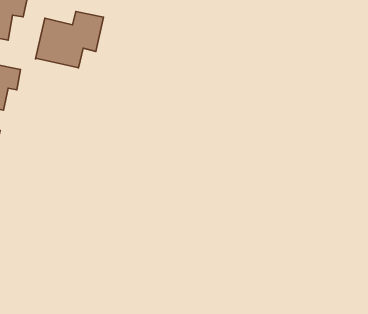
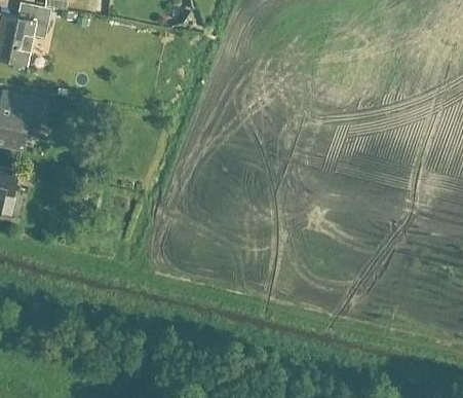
building: [36,12,104,68] -> none

